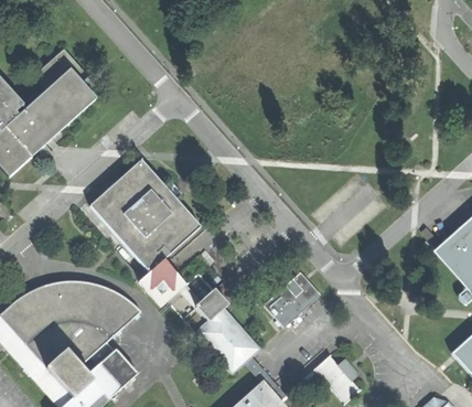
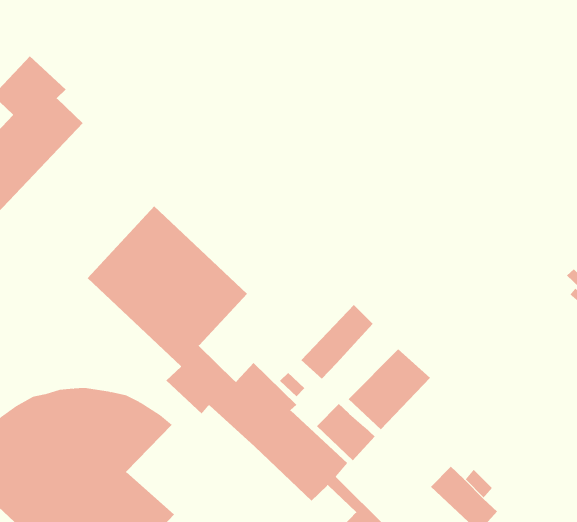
building: none -> [300,304,374,380]
building: none -> [316,403,375,461]

